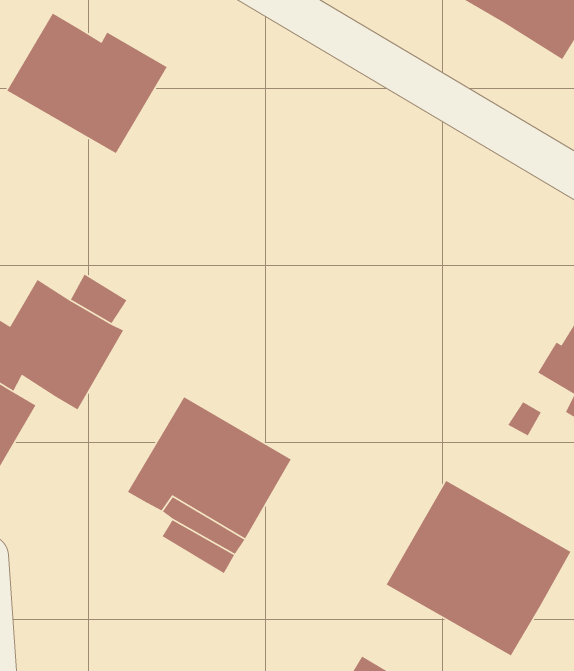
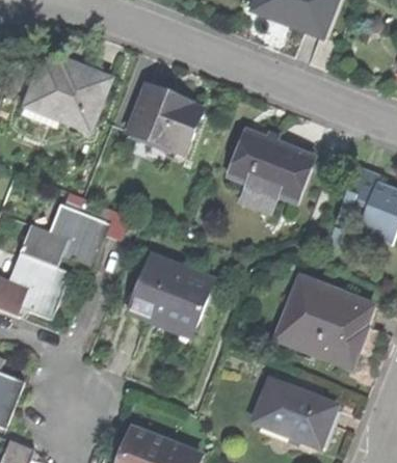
building: none -> [127,86,200,154]
building: none -> [229,131,313,201]

